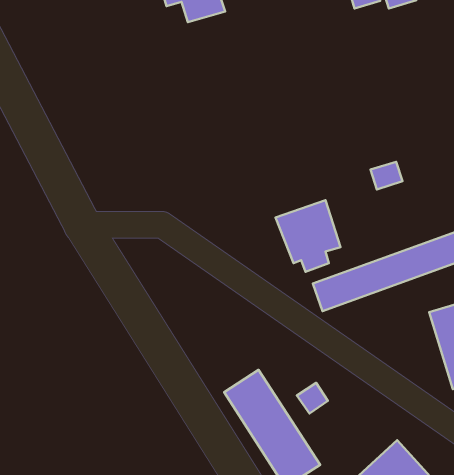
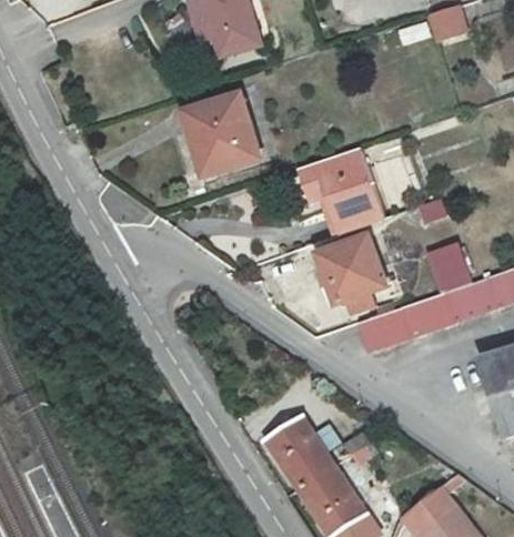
building: none -> [192,95,261,175]
building: none -> [298,149,384,234]
building: none -> [429,244,470,291]

